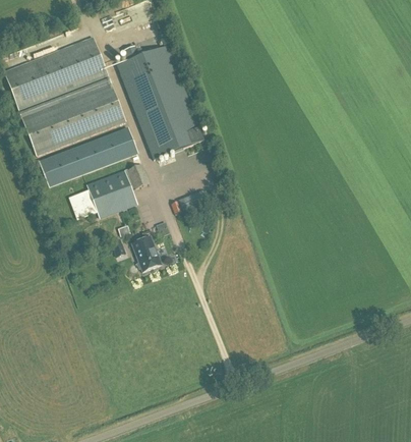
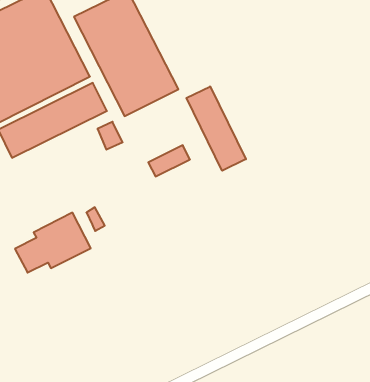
building: none -> [186,86,246,171]
building: [68,169,136,219] -> [15,213,91,273]
building: [131,235,161,271] -> none

